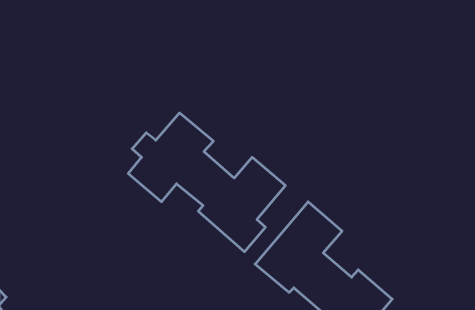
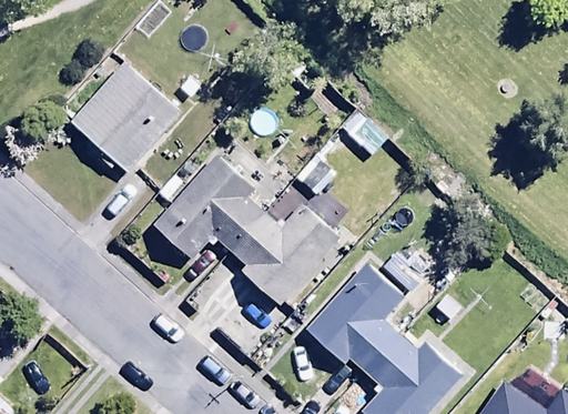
building: none -> [70,60,183,173]

